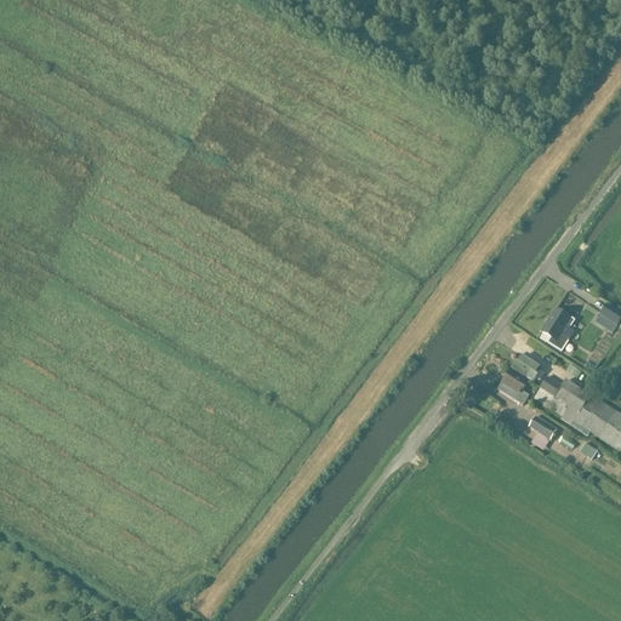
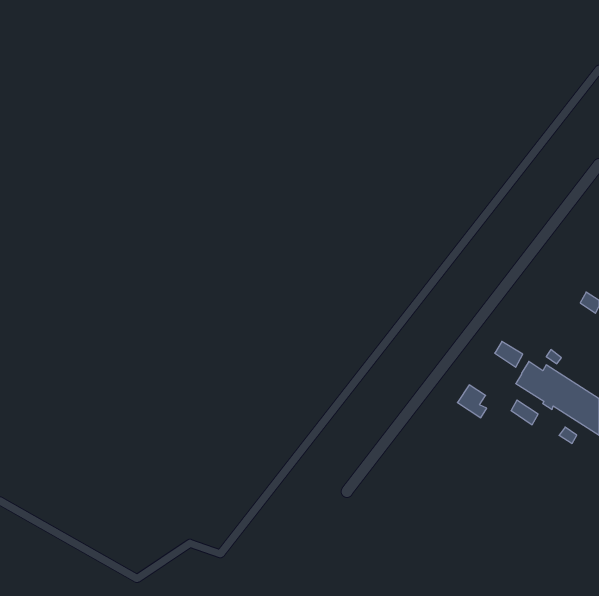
building: [541,308,575,352] -> none
building: [498,369,529,403] -> [457,385,487,418]

